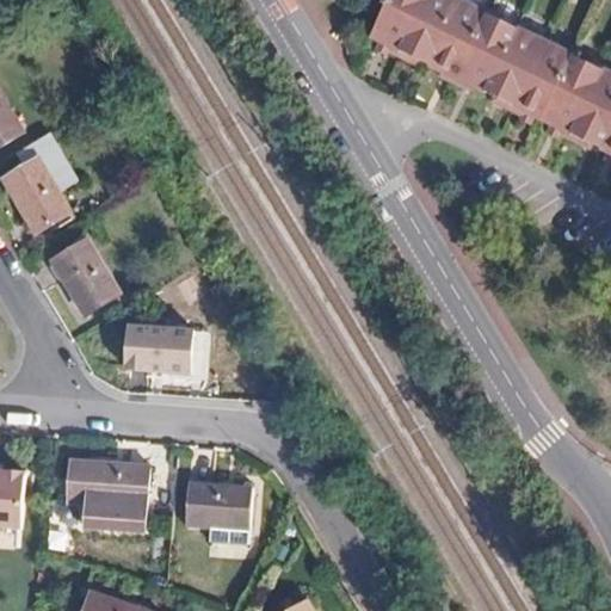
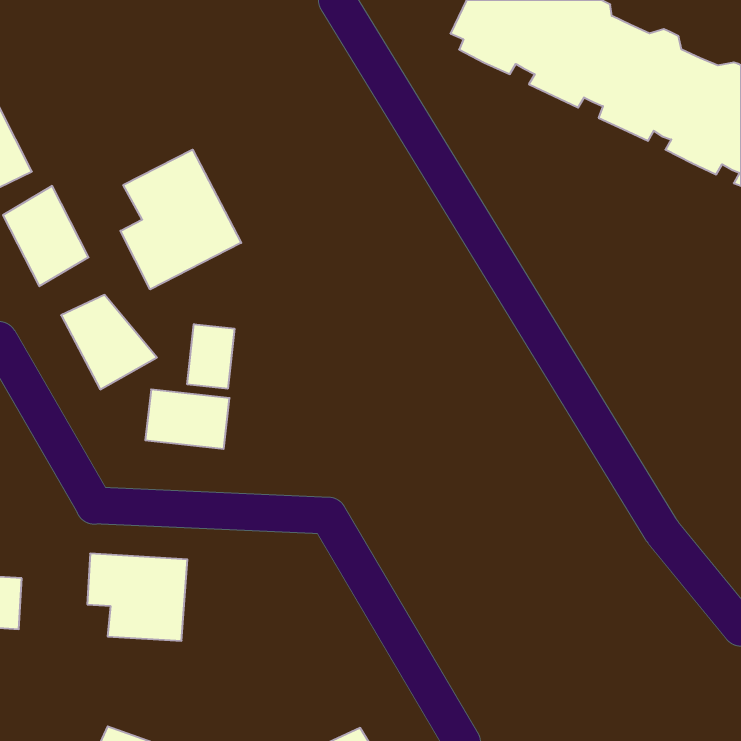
building: none -> [120,150,241,289]
building: none -> [187,324,234,389]
building: [180,482,242,532] -> none

